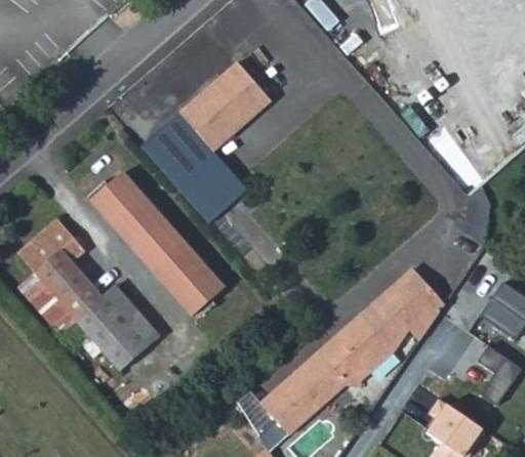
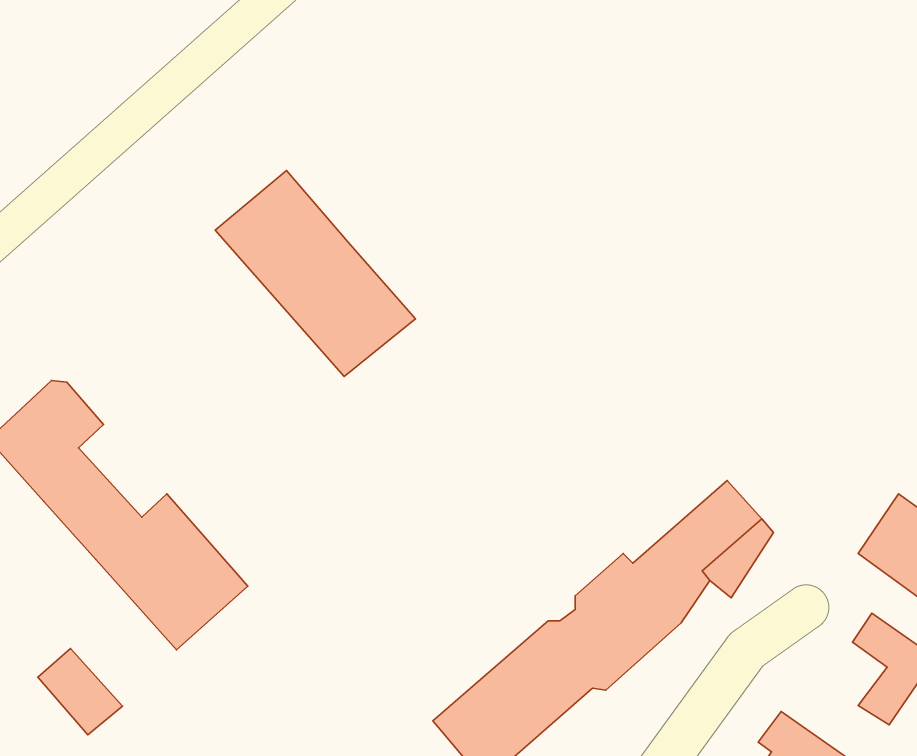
building: [178,60,270,149] -> none
building: [89,172,221,316] -> none
building: [32,287,77,333] -> [38,648,123,735]

